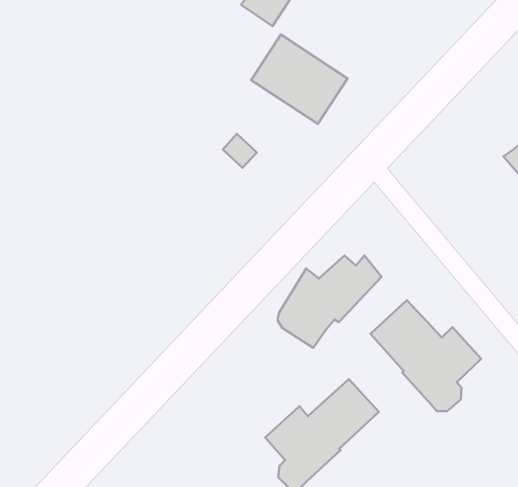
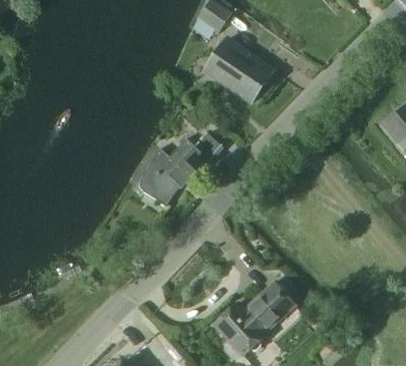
building: [278,256,381,348] -> [140,139,214,205]
building: [370,300,481,411] -> none

